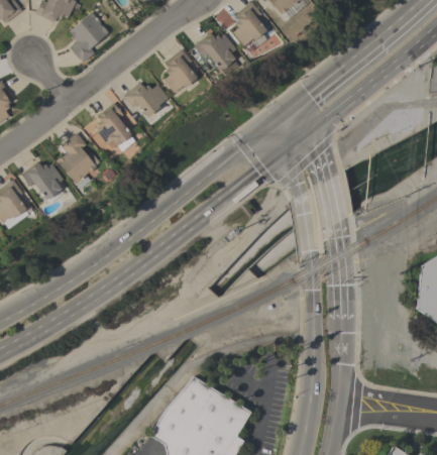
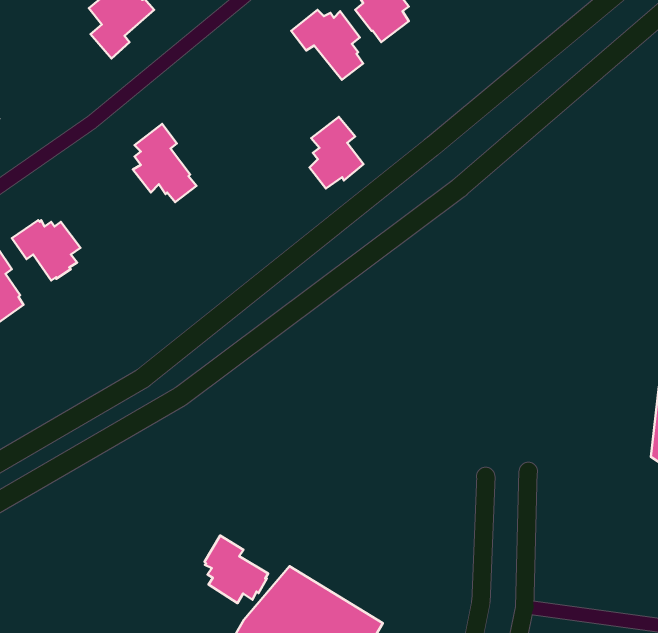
building: [163,48,197,93] -> [310,117,363,189]
building: [123,82,168,117] -> none
building: [57,132,100,189] -> none
building: none -> [204,536,268,603]

